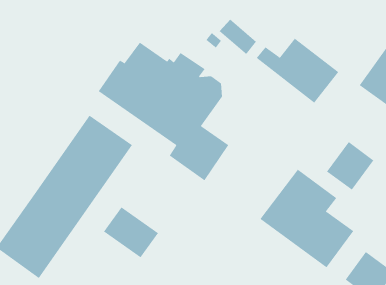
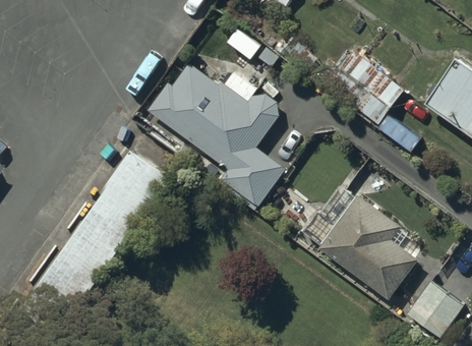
building: [326,141,374,191] -> none
building: [103,207,159,258] -> none

